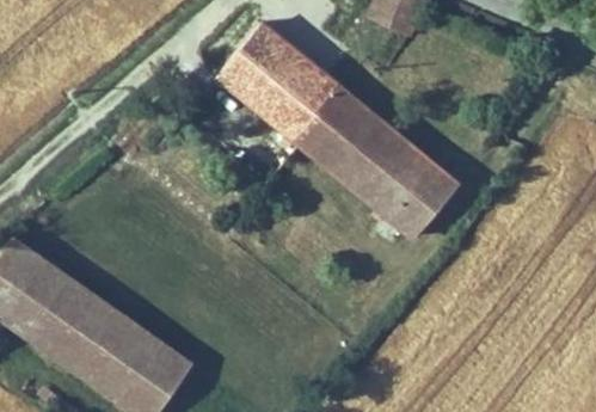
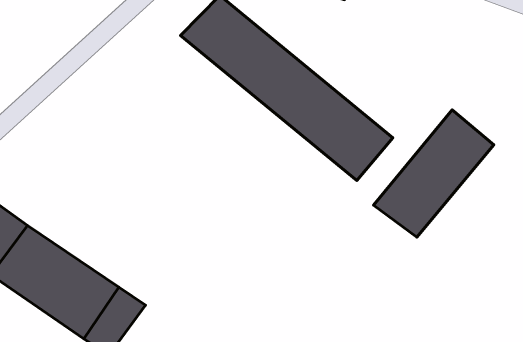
building: none -> [374,110,494,237]

